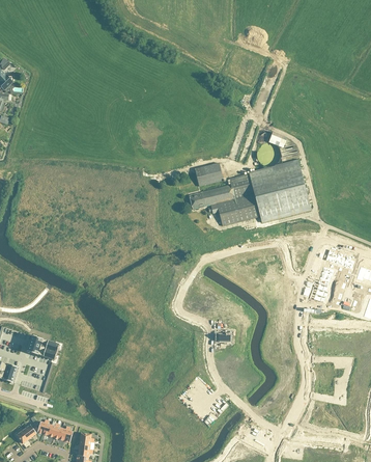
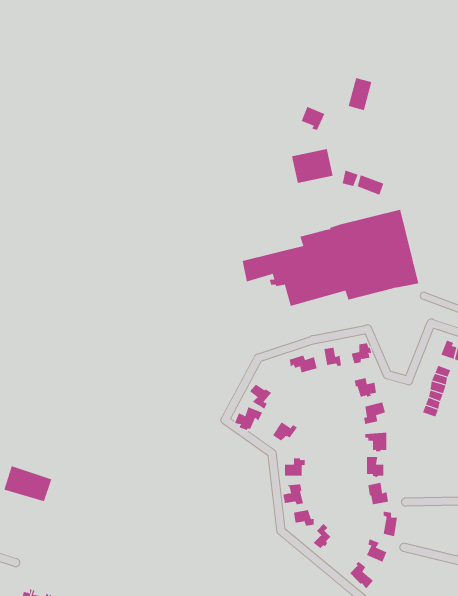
building: [194,163,223,187] -> [291,148,334,183]

